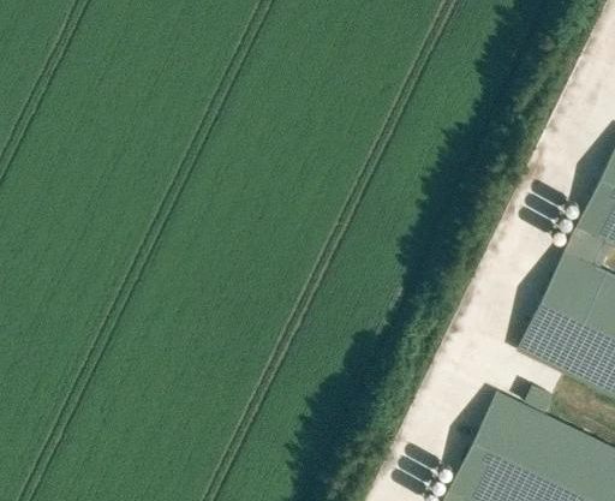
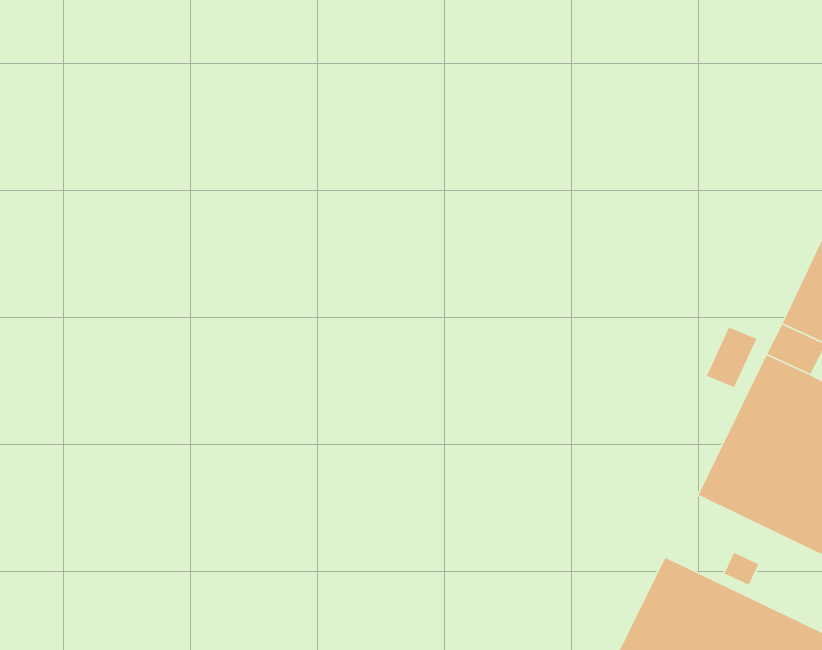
building: none -> [706,326,757,388]

